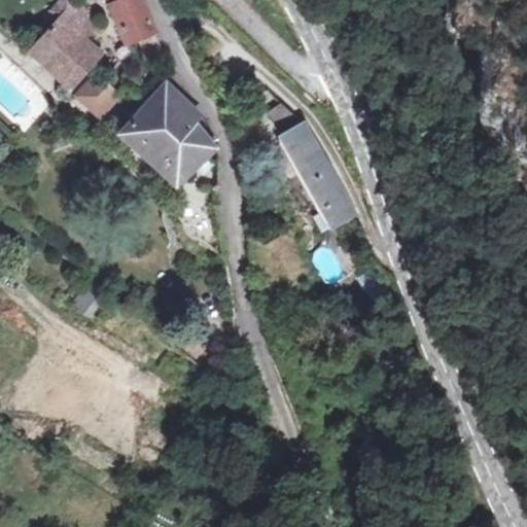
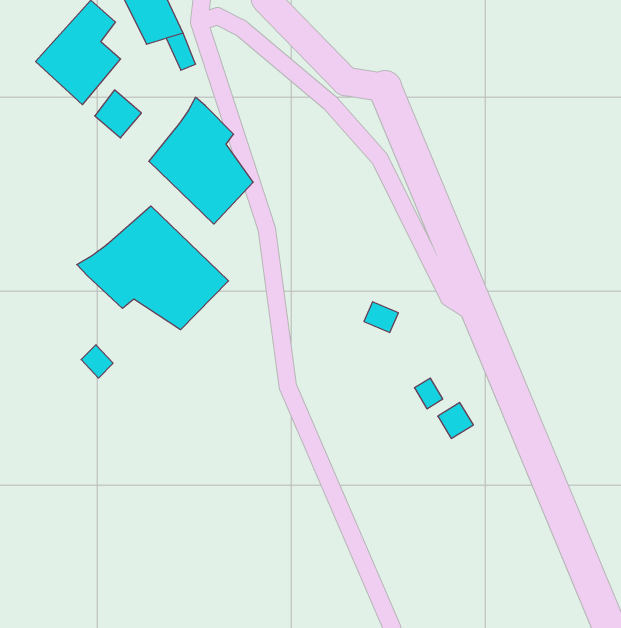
building: [258,101,353,227] -> none
building: none -> [77,206,229,330]

